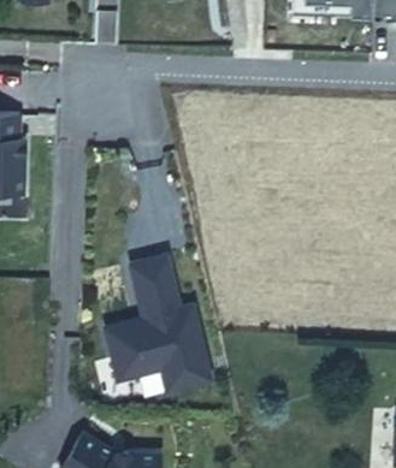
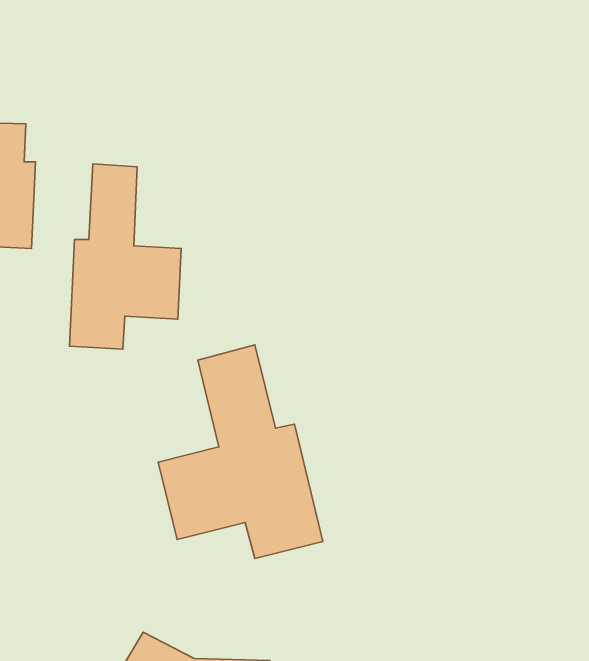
building: none -> [70,164,181,349]

